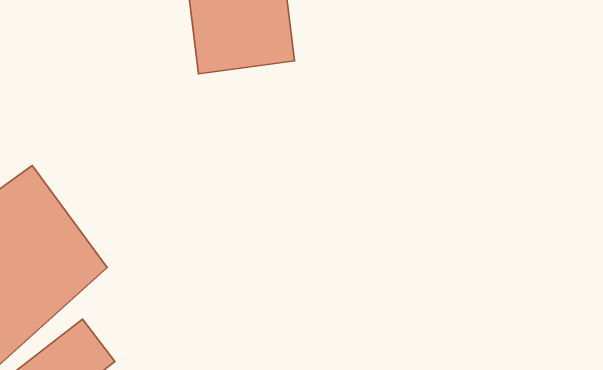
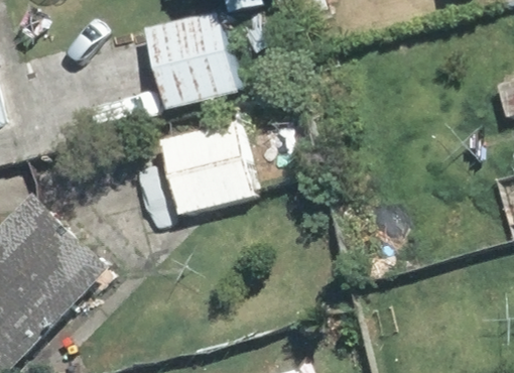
building: none -> [157,120,251,212]

